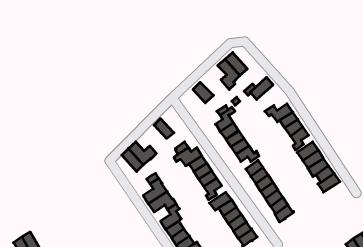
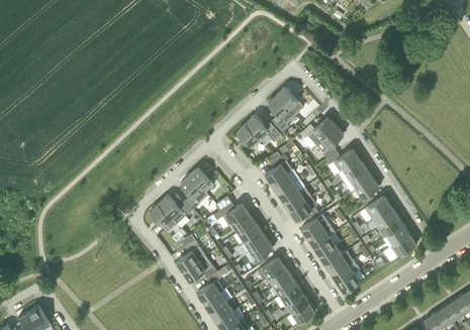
building: none -> [247,114,282,140]
building: none -> [315,125,344,157]
building: none -> [181,175,208,209]

